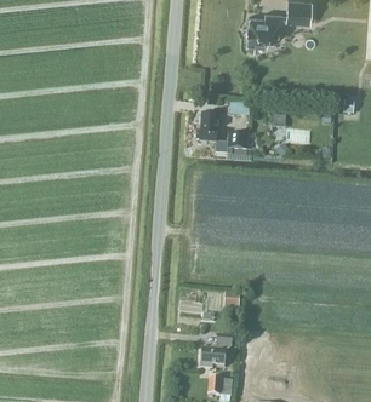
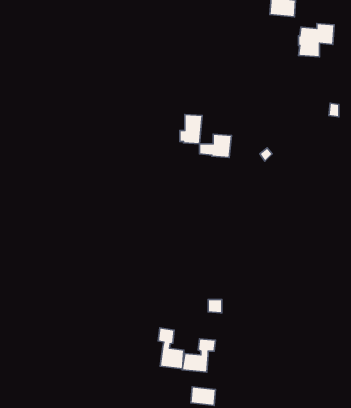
building: [247,12,282,45] -> [298,23,334,57]
building: none -> [158,328,184,369]

